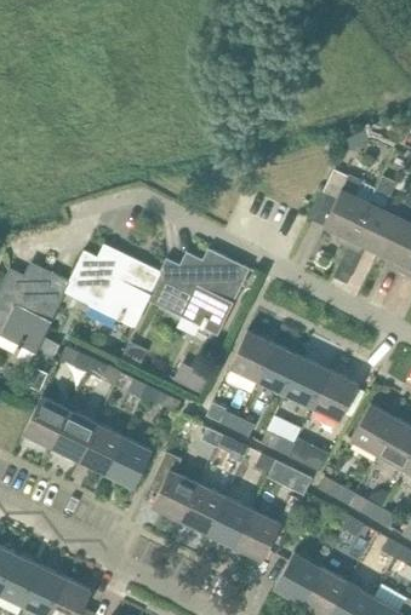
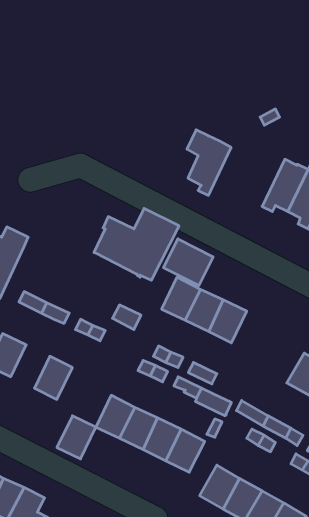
building: [322,169,375,247] -> [187,130,231,195]
building: [67,252,162,328] -> none
building: none -> [164,239,213,286]
building: [312,370,358,421] -> none
building: [350,404,398,455] -> none
building: [51,410,97,461] -> none
building: [105,437,152,488] -> [57,416,96,459]
building: [289,437,330,472] -> none

